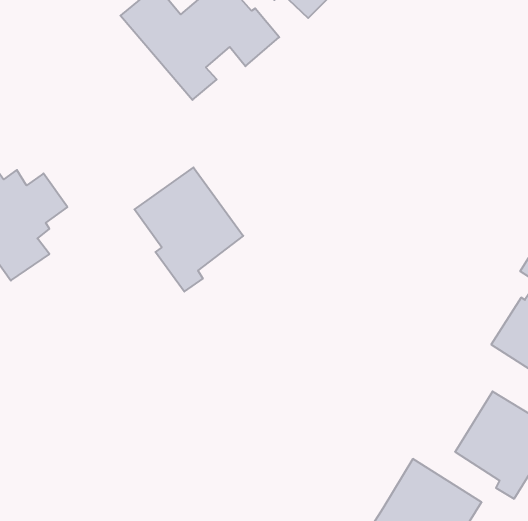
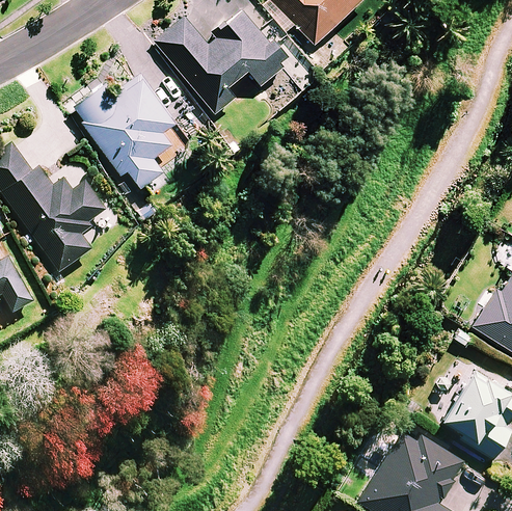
building: none -> [72,76,173,189]
building: [134,167,243,292] -> none

